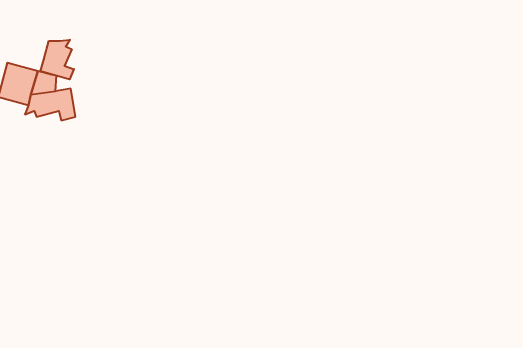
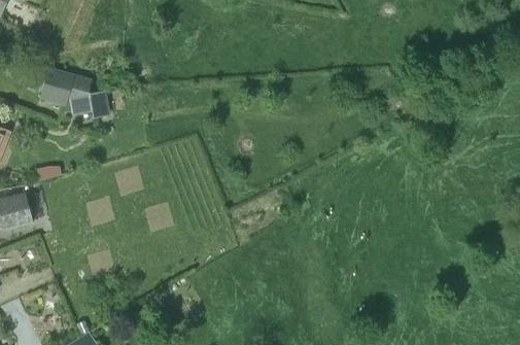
building: [41,40,74,79] -> none

